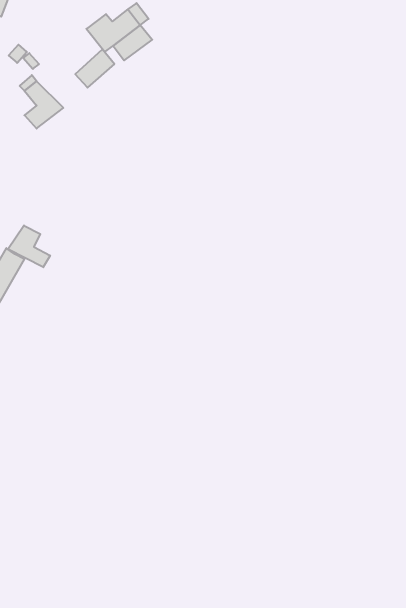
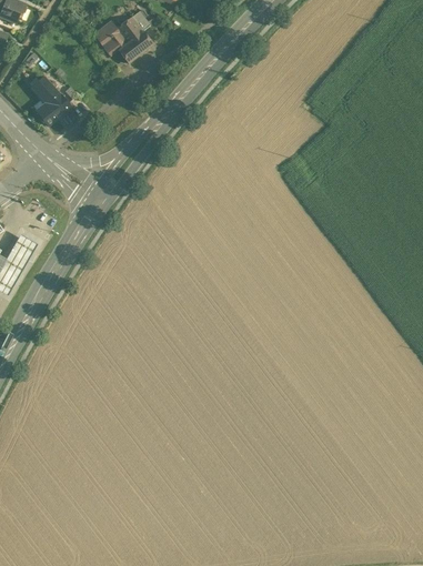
building: [75,49,114,88] -> none
building: [8,225,50,267] -> none

